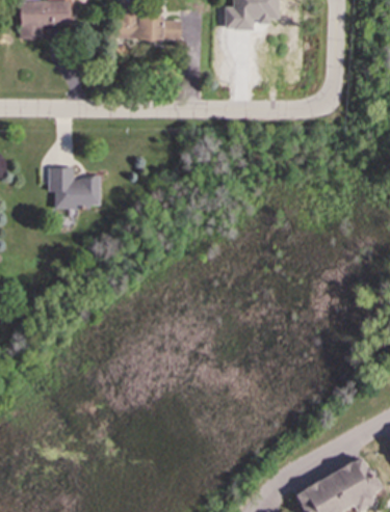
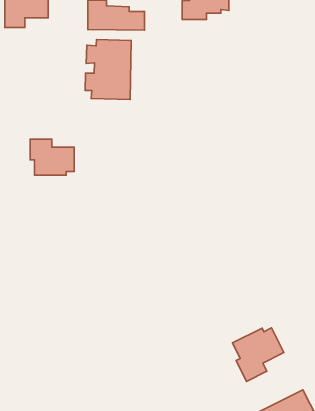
building: none -> [85,40,131,100]
building: none -> [233,328,284,381]

